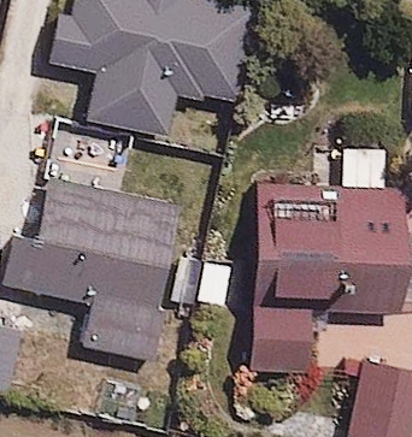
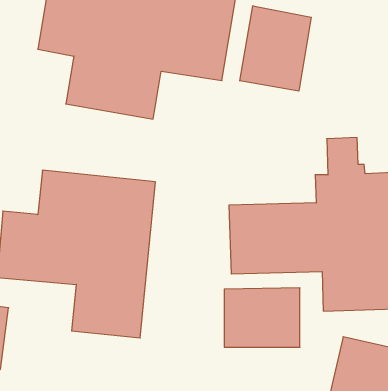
building: none -> [240,6,311,91]

